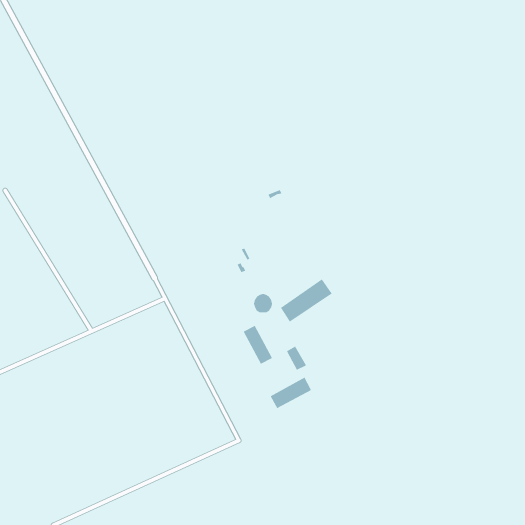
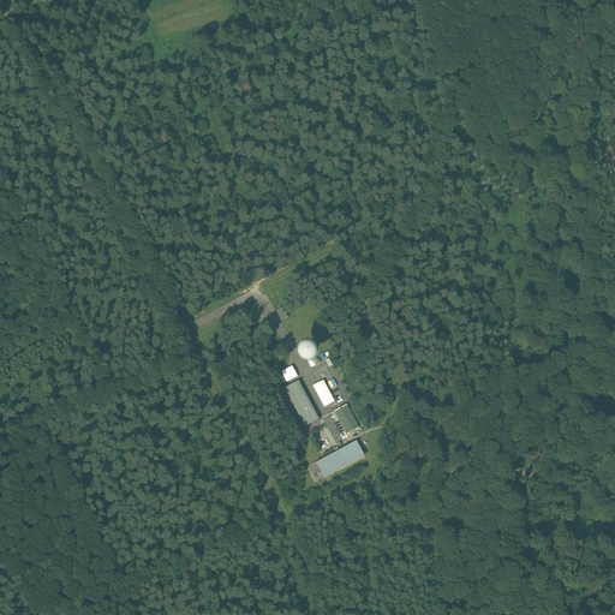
building: [280,279,333,322] -> none

